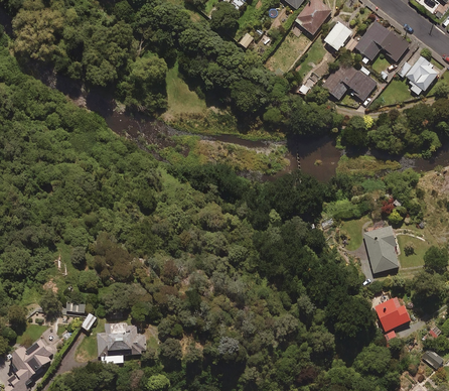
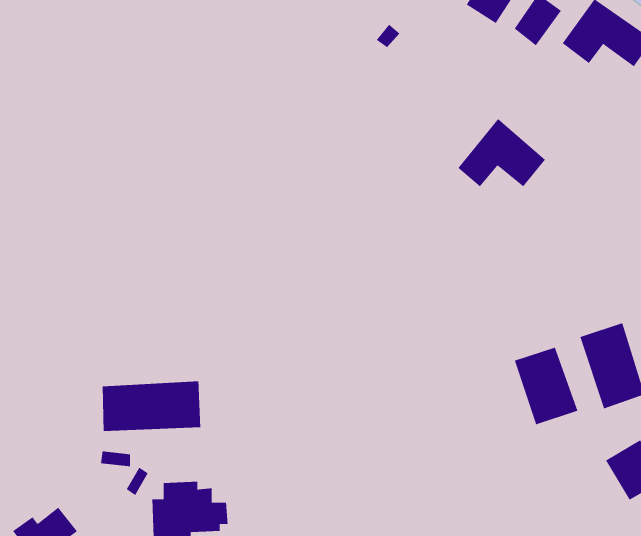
building: [322,56,378,100] -> [458,118,546,187]
building: none -> [514,347,578,425]
building: none -> [102,380,201,432]

